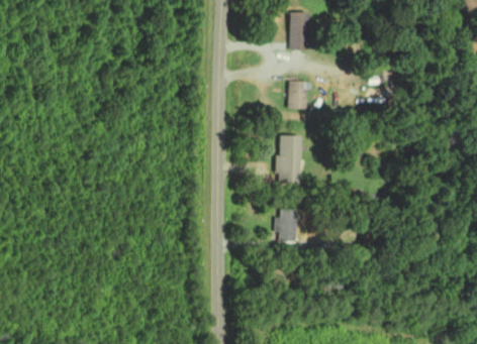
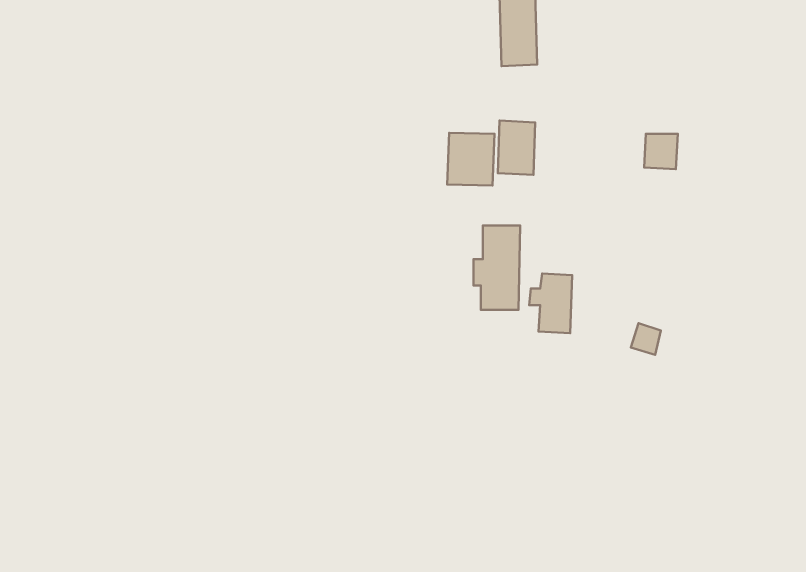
building: none -> [447,133,494,186]
building: [274,209,297,241] -> [529,273,572,333]

